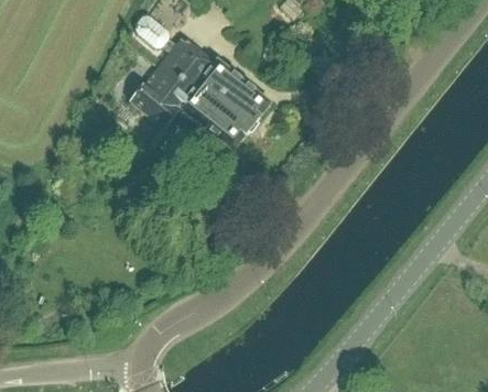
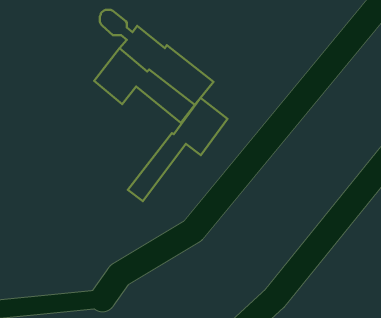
building: none -> [128,98,228,201]

